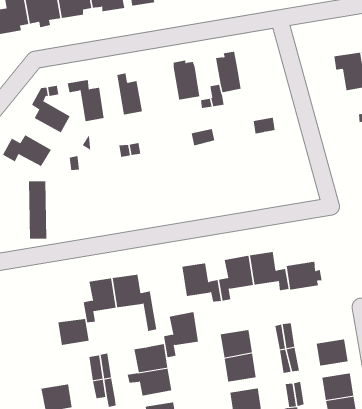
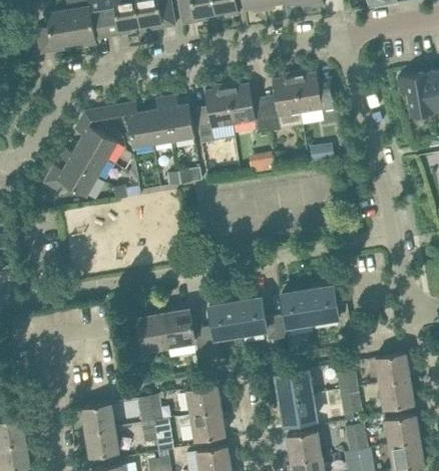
building: none -> [292,71,343,123]
building: none -> [195,85,232,144]
building: none -> [147,98,172,144]
building: none -> [58,144,106,178]
building: [286,261,323,290] -> [374,354,413,385]
building: [163,312,199,358] -> [201,303,240,352]
building: [58,318,90,346] -> [80,404,114,433]

